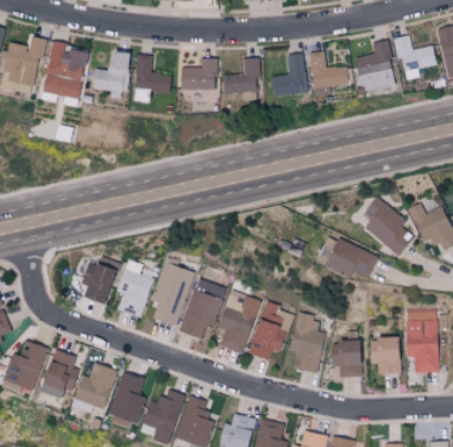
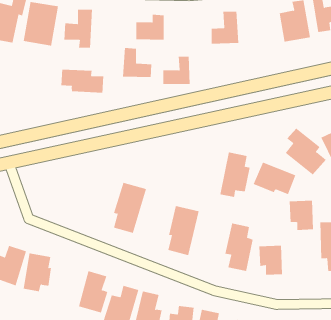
building: [310,51,347,86] -> none
building: [133,53,170,90] -> [122,48,152,78]
building: [224,57,258,92] -> [162,56,191,84]
building: none -> [61,69,104,93]
building: [80,256,118,303] -> none
building: [117,259,157,316] -> none
building: [181,278,226,338] -> none
building: [251,302,289,358] -> [219,152,250,198]
building: [369,336,399,373] -> [289,200,314,230]
building: [74,363,117,408] -> none

